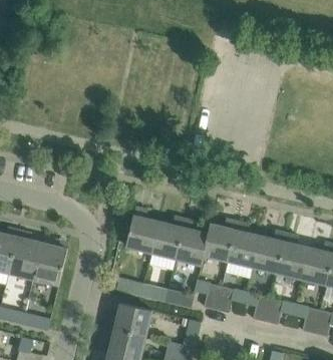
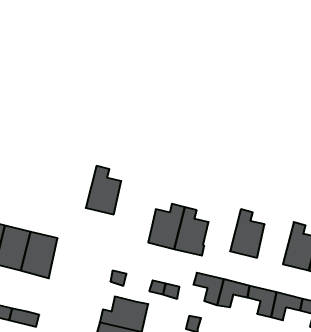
building: [125,208,158,253] -> [86,166,121,214]
building: [203,220,238,261] -> none
building: [253,231,287,273] -> none

